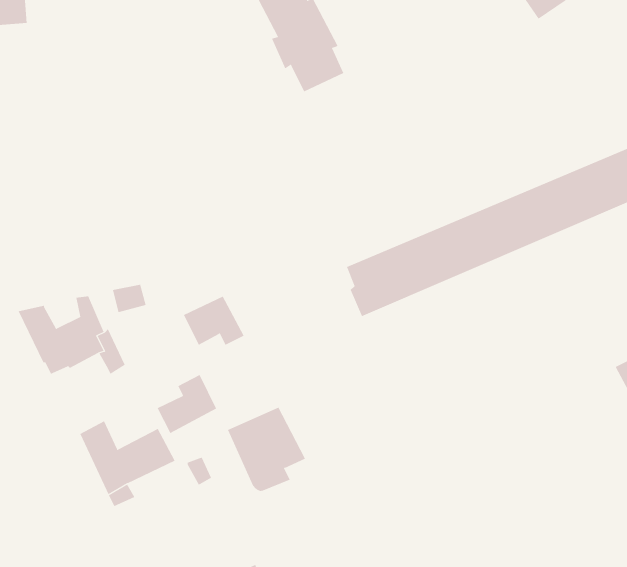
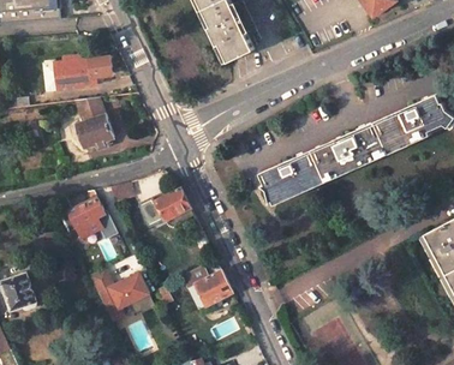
building: none -> [52,56,109,84]
building: none -> [73,97,113,148]
building: [157,374,217,434] -> none

